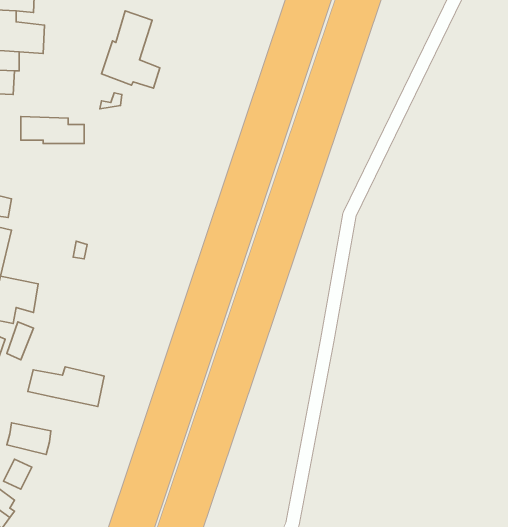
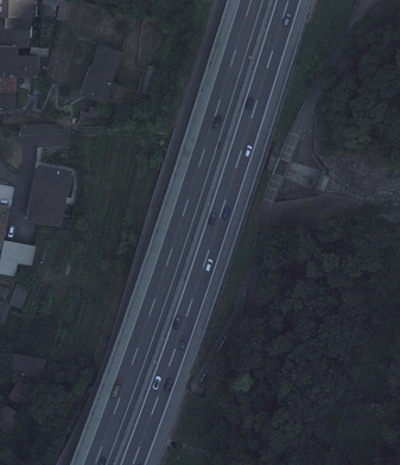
building: none -> [27,165,68,223]
building: [28,367,104,406] -> none

